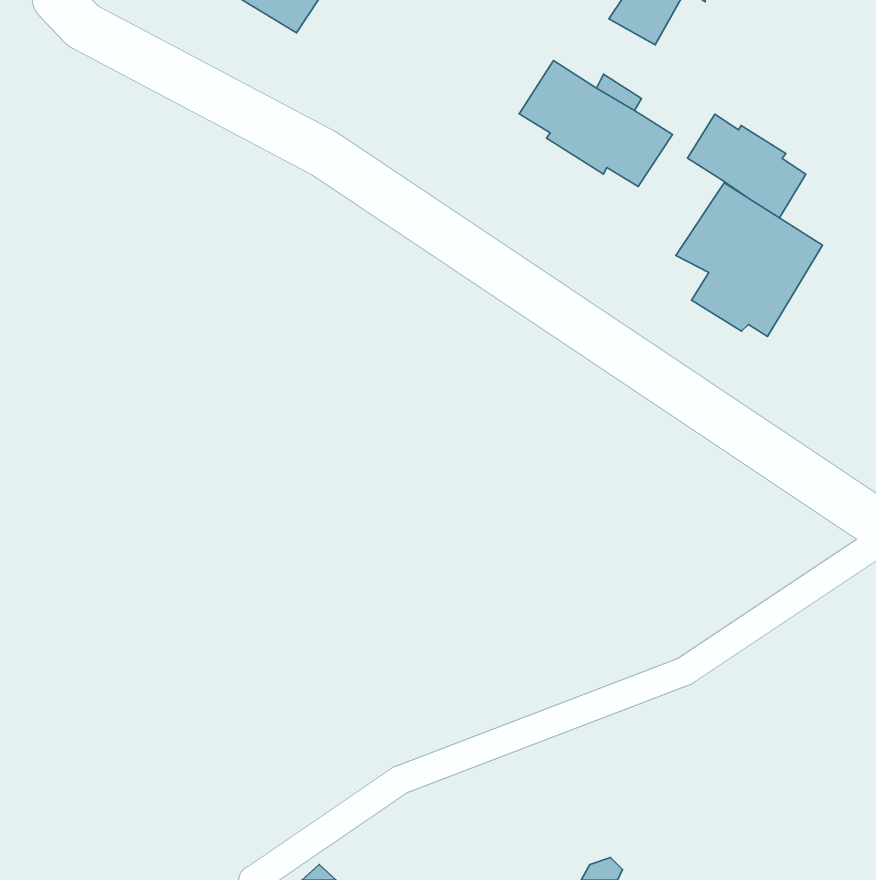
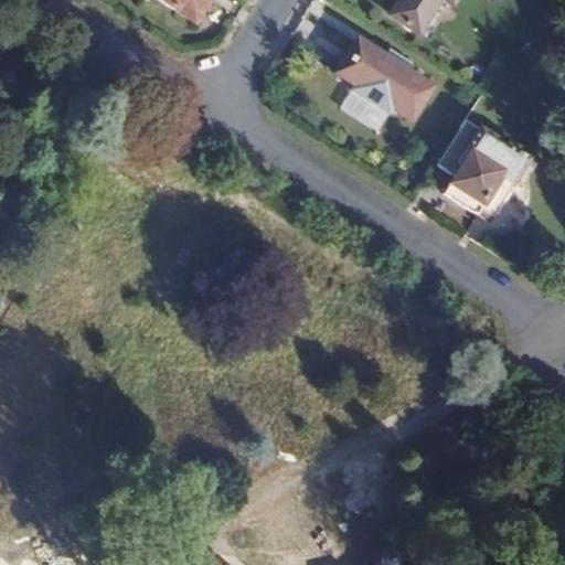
building: [687,114,806,218] -> none
building: none -> [341,88,390,130]

